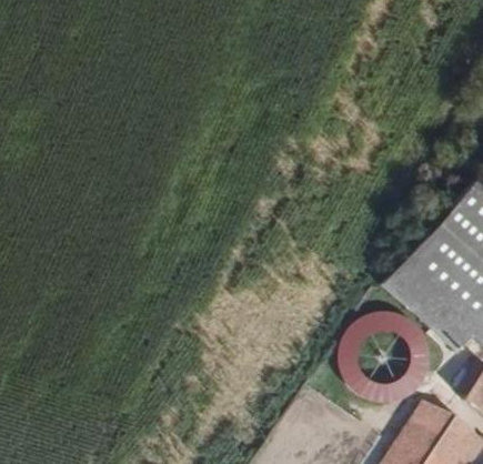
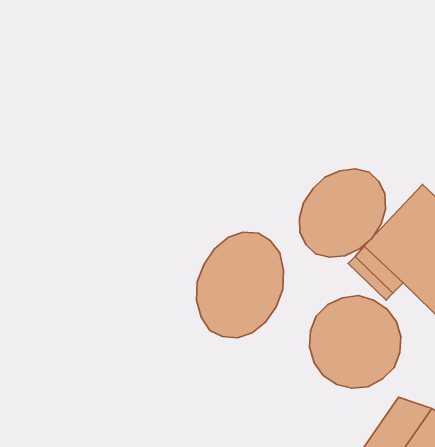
building: none -> [299,169,386,257]
building: none -> [196,232,284,338]

